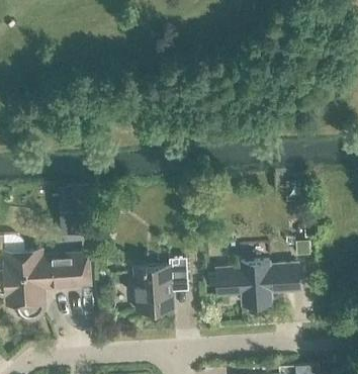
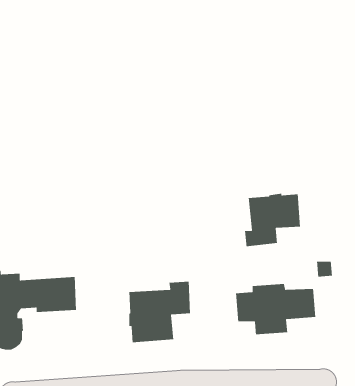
building: none -> [244,193,301,247]

